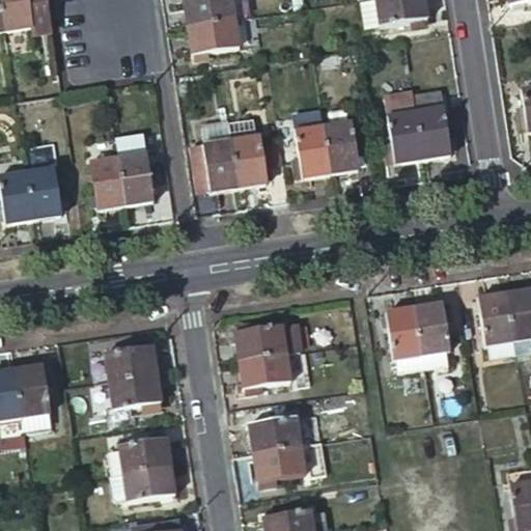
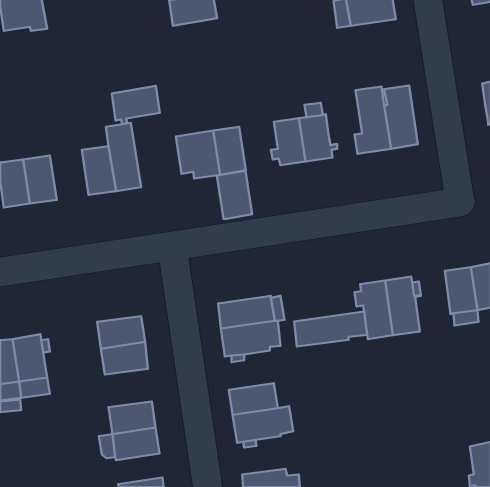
building: [188,20,240,61] -> [112,86,160,124]
building: none -> [217,171,252,219]
building: none -> [294,312,367,347]

